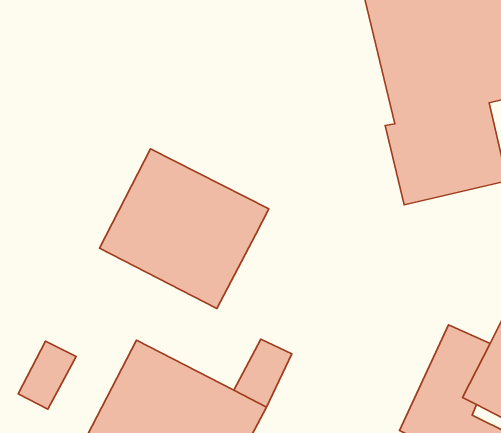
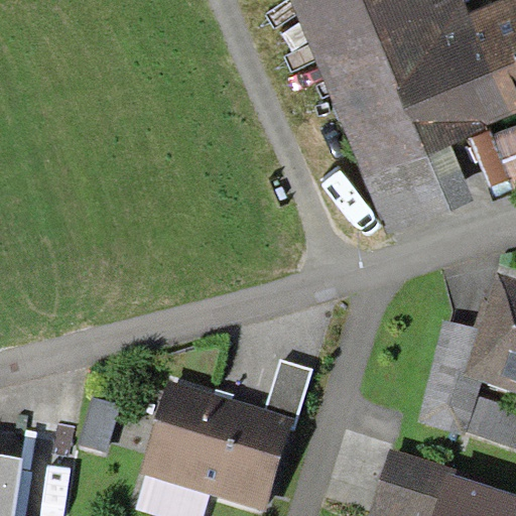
building: [99,149,269,308] -> none

